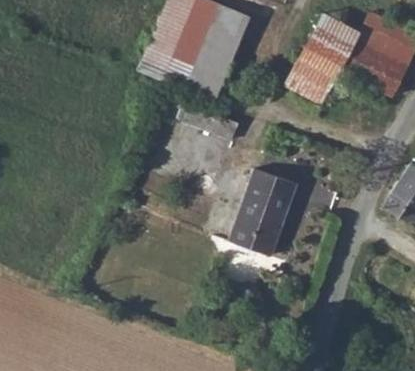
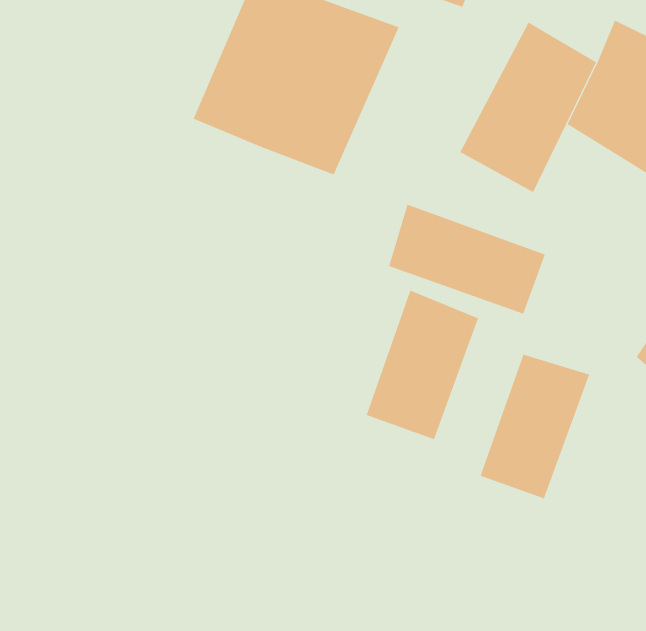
building: none -> [389,204,545,315]
building: none -> [480,354,590,499]

